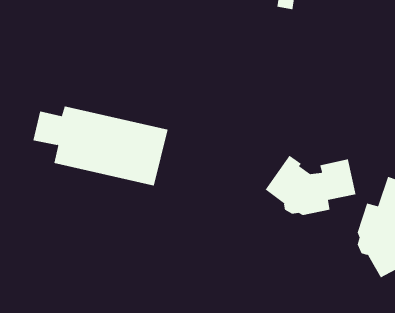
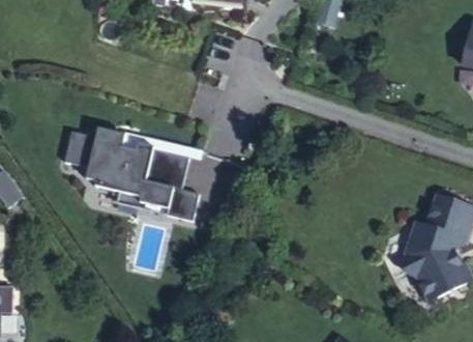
building: [265,155,356,216] -> none

